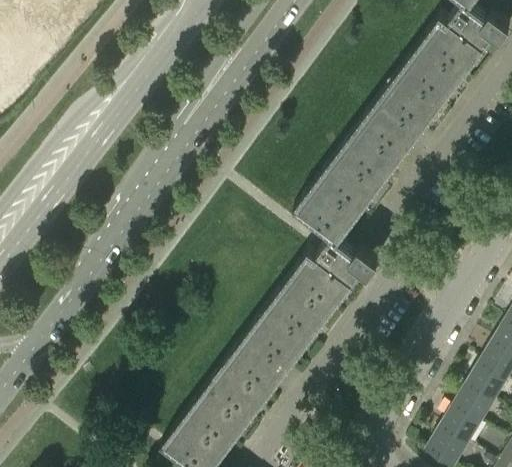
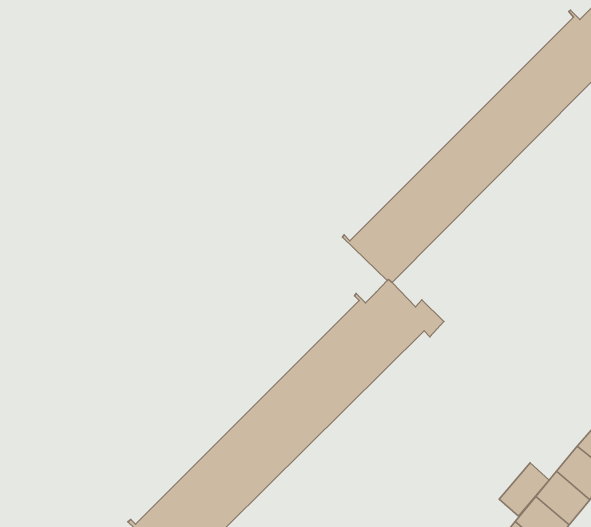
building: none -> [499,463,549,516]

